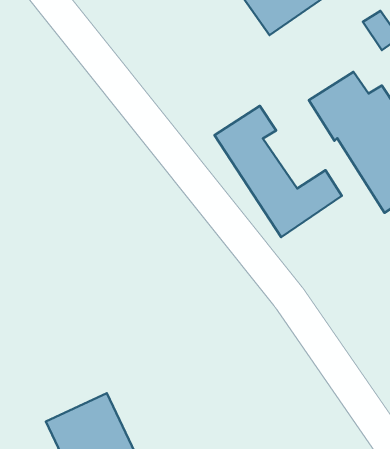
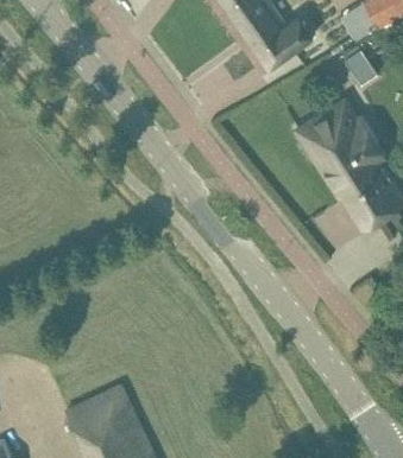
building: [215,106,342,237] -> none

